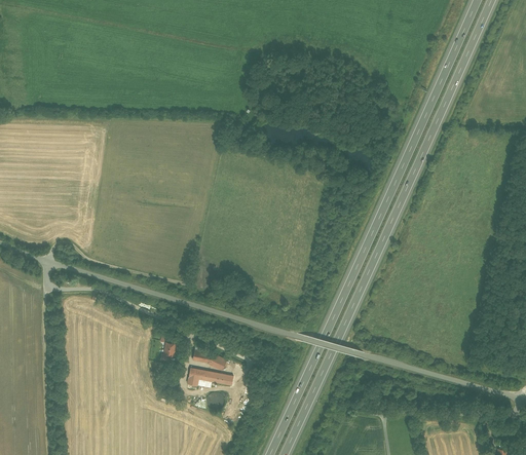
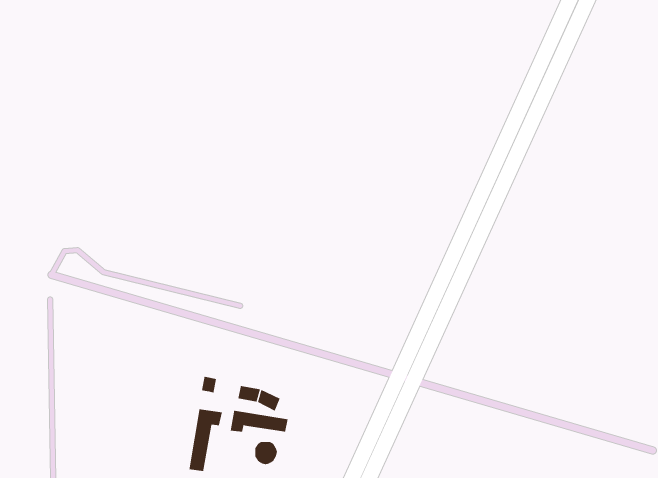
building: none -> [189,409,223,472]

